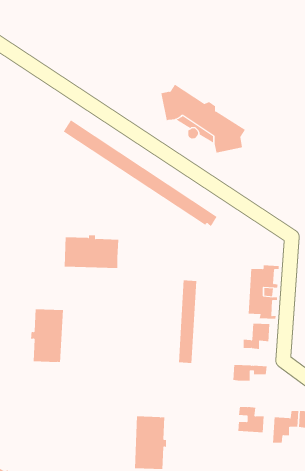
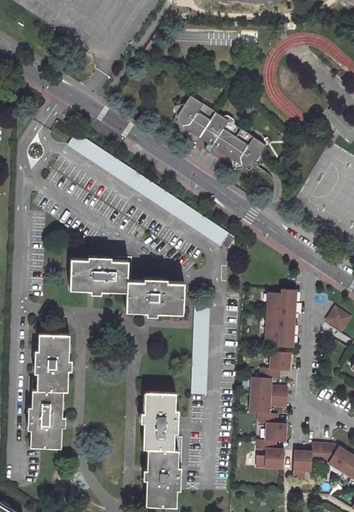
building: none -> [126,279,185,315]
building: none -> [250,377,286,397]
building: none -> [27,392,62,450]
building: none -> [142,394,176,451]
building: none -> [257,413,284,442]

